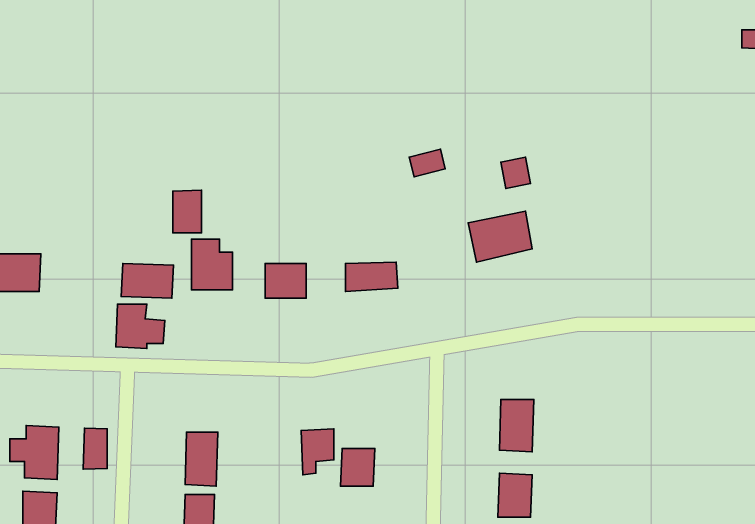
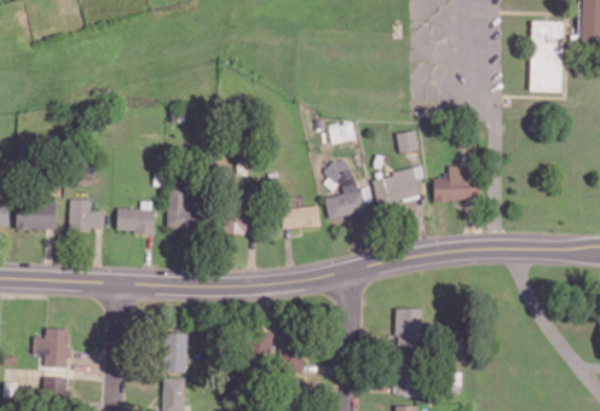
building: none -> [533,22,567,92]
building: [173,190,202,233] -> none
building: none -> [322,161,370,219]
building: none -> [432,167,479,201]
building: [116,304,165,348] -> [68,199,104,232]
building: [83,428,107,469] -> none

